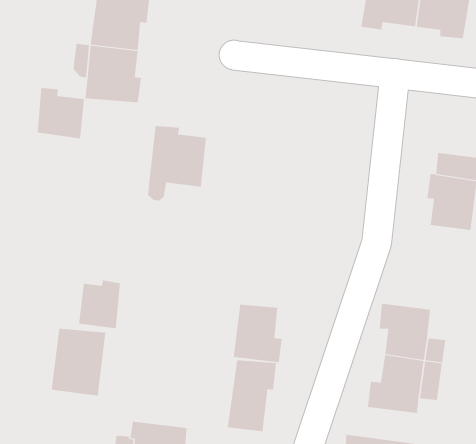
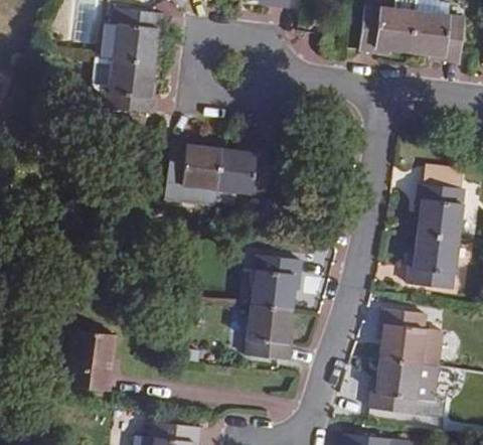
building: [37,87,85,139] -> none
building: none -> [211,152,269,214]
building: none -> [412,236,463,290]
building: none -> [248,261,296,312]
building: [79,280,120,329] -> none
building: [227,360,277,432] -> none

